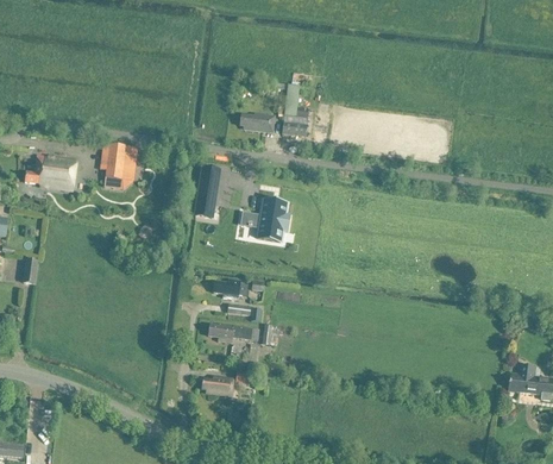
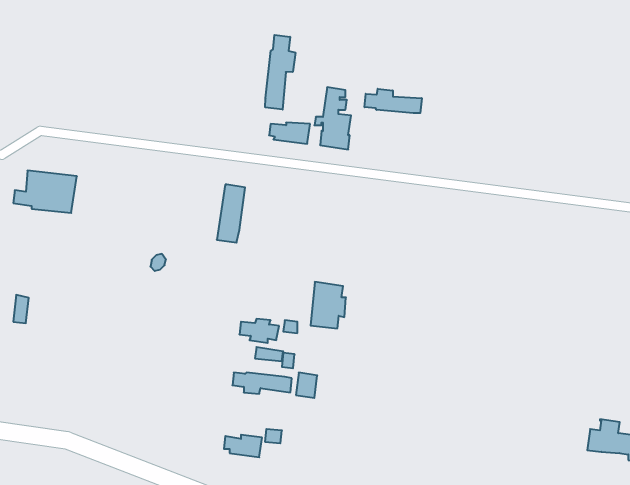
building: none -> [265,35,295,110]
building: none -> [365,89,422,113]
building: [102,142,128,178] -> none
building: [260,200,290,239] -> [311,282,346,328]

